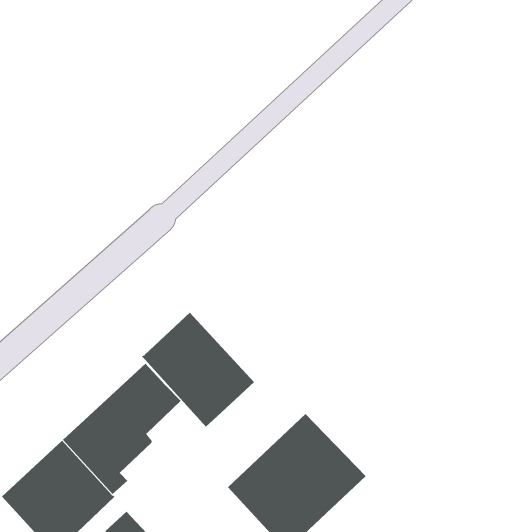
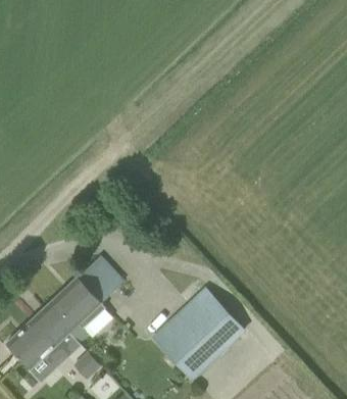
building: [141,312,255,428] -> none

